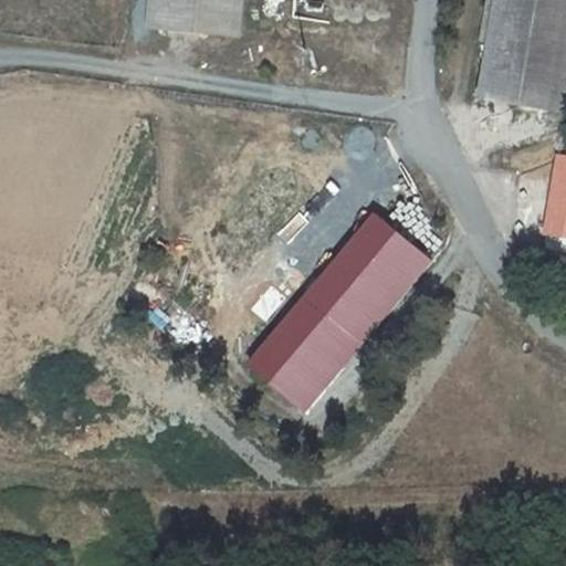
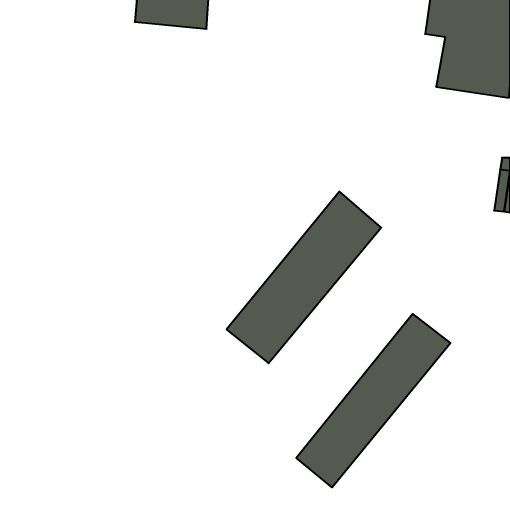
building: none -> [296,314,450,487]

